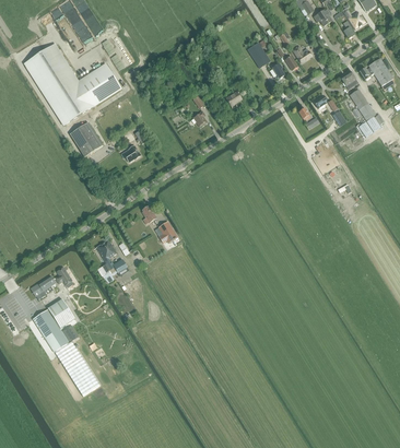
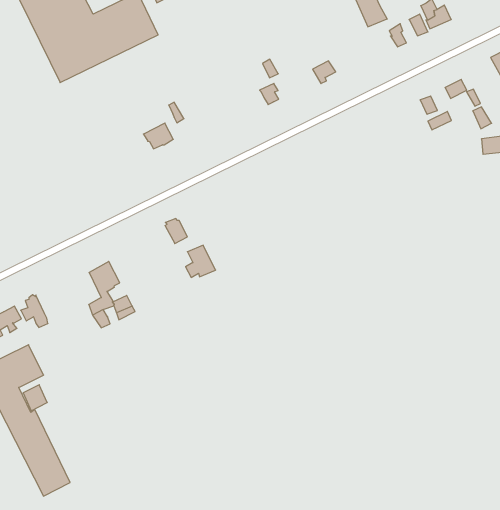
building: [69,121,102,156] -> none

